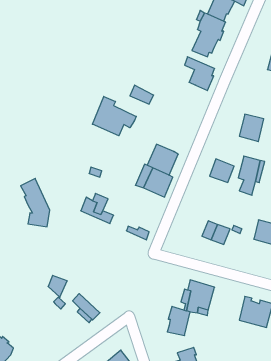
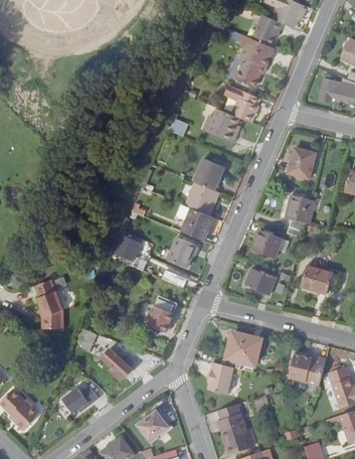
building: none -> [203,107,239,141]
building: [92,96,136,136] -> none
building: none -> [194,159,224,189]
building: [210,159,234,182] -> [253,228,281,255]
building: [21,178,50,227] -> [32,274,64,327]
building: none -> [169,236,198,266]
building: none -> [149,294,178,330]
building: none -> [63,386,100,412]

